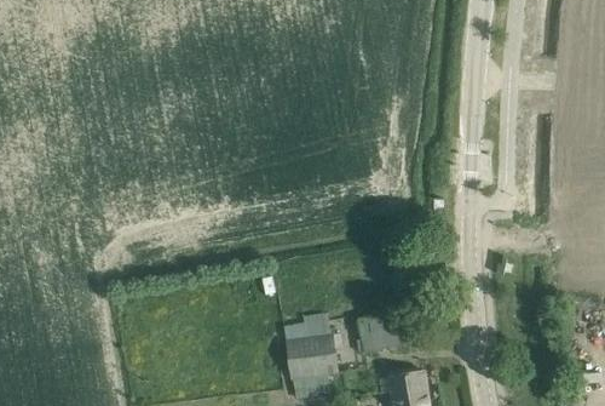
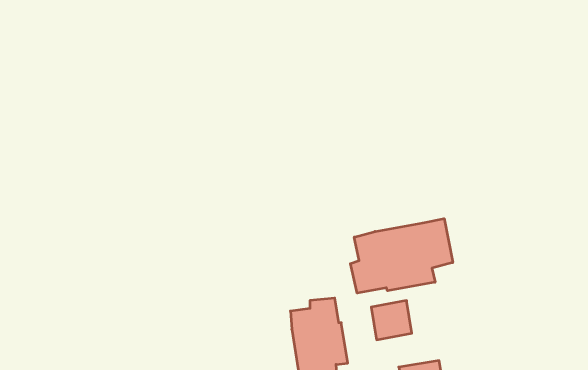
building: none -> [350,219,453,293]

